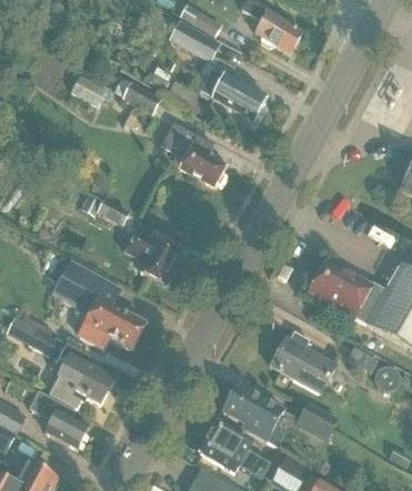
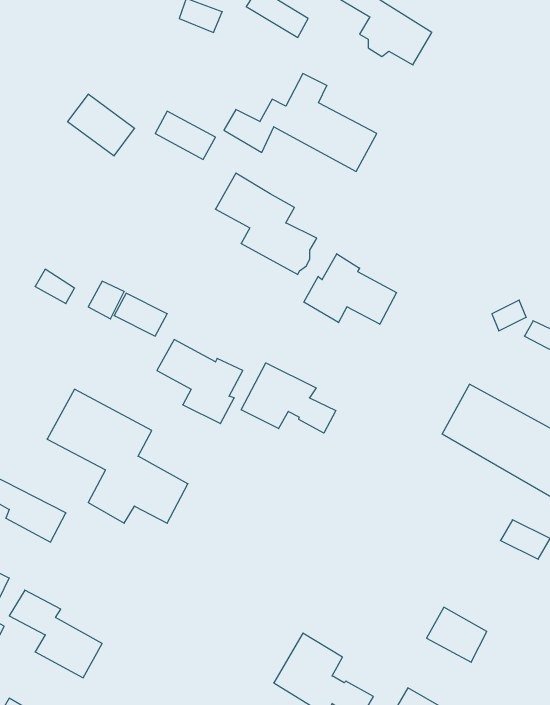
building: [168,20,220,62] -> none
building: none -> [304,254,397,324]
building: none -> [241,363,336,433]
building: [269,329,335,391] -> none
building: [49,355,112,406] -> none
building: [222,382,283,444] -> none

